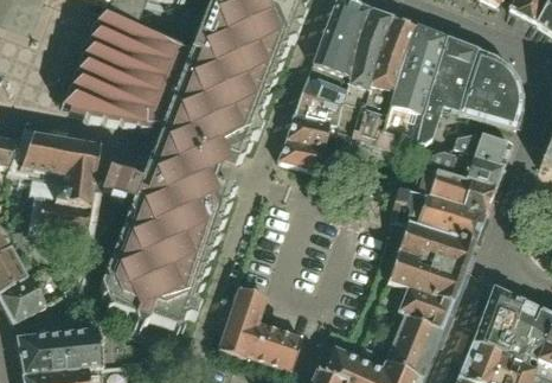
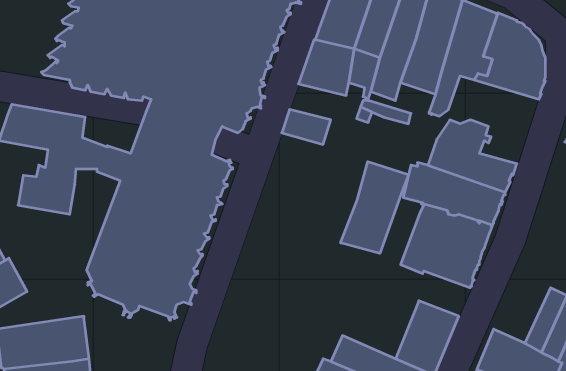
building: [287,114,340,149] -> none
building: [452,133,512,187] -> none
building: none -> [341,162,409,253]
building: [218,286,302,371] -> none
building: [399,286,452,327] -> none
building: [474,287,526,352] -> none

